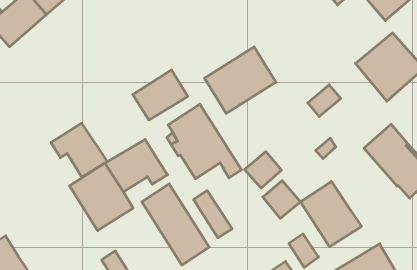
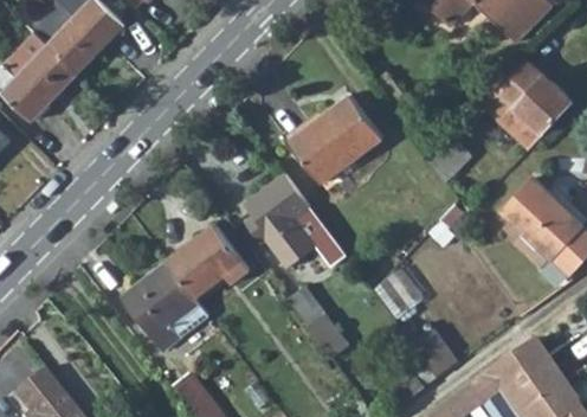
building: [133,70,188,120] -> none
building: [51,123,107,177] -> none
building: [245,152,281,188] -> none
building: [300,181,361,247] -> none
building: [142,184,209,265] -> none

